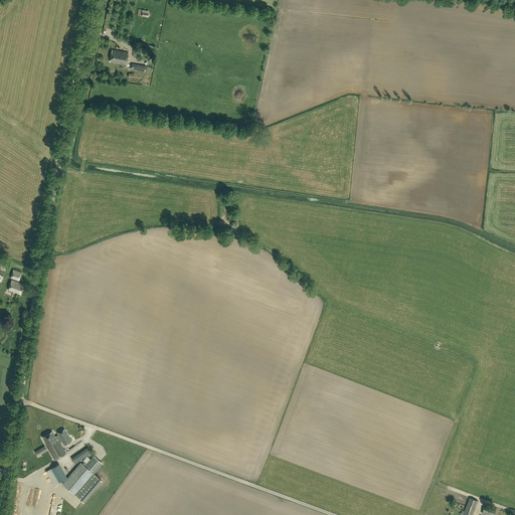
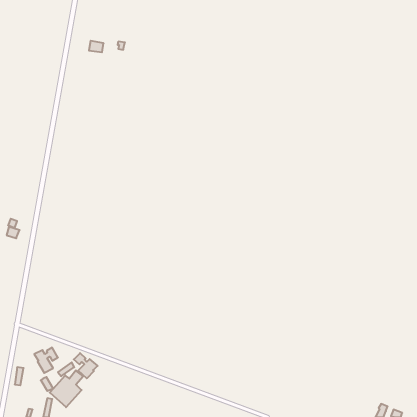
building: none -> [74,353,98,378]

